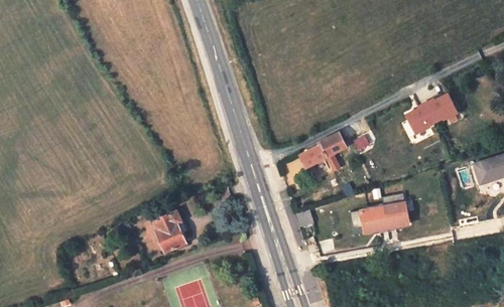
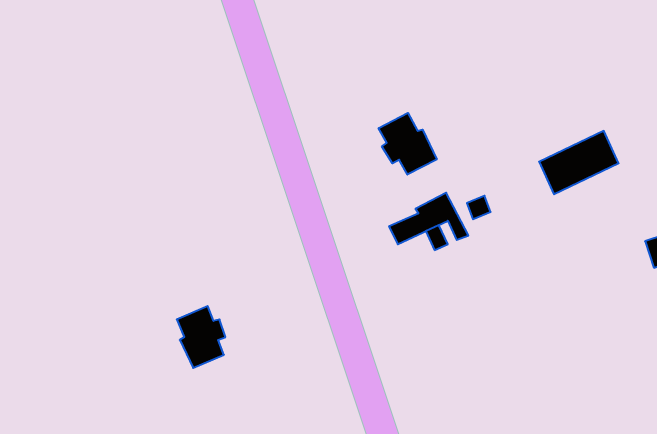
building: none -> [379,113,437,175]
building: [350,194,409,239] -> none

